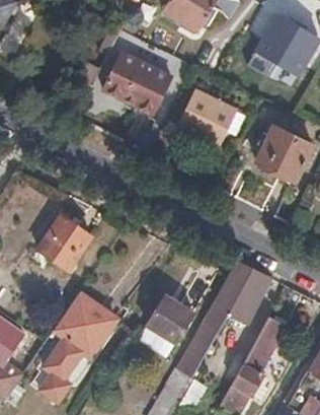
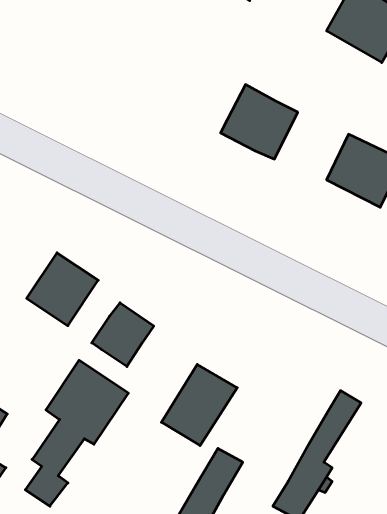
building: [103,48,172,113] -> none
building: none -> [92,303,154,367]
building: [184,261,271,364] -> none

